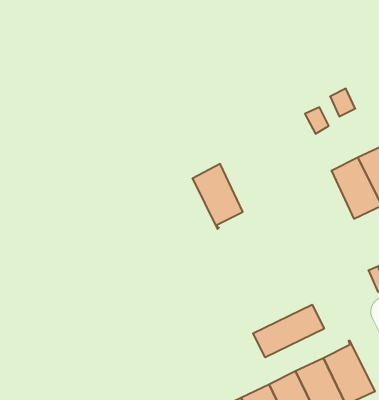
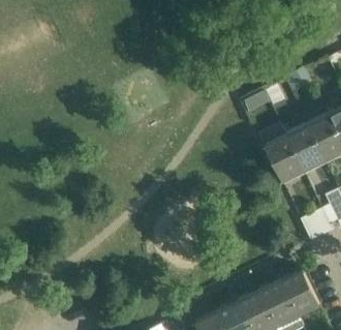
building: [192,164,243,229] -> [264,136,303,186]
building: [253,305,324,357] -> none

